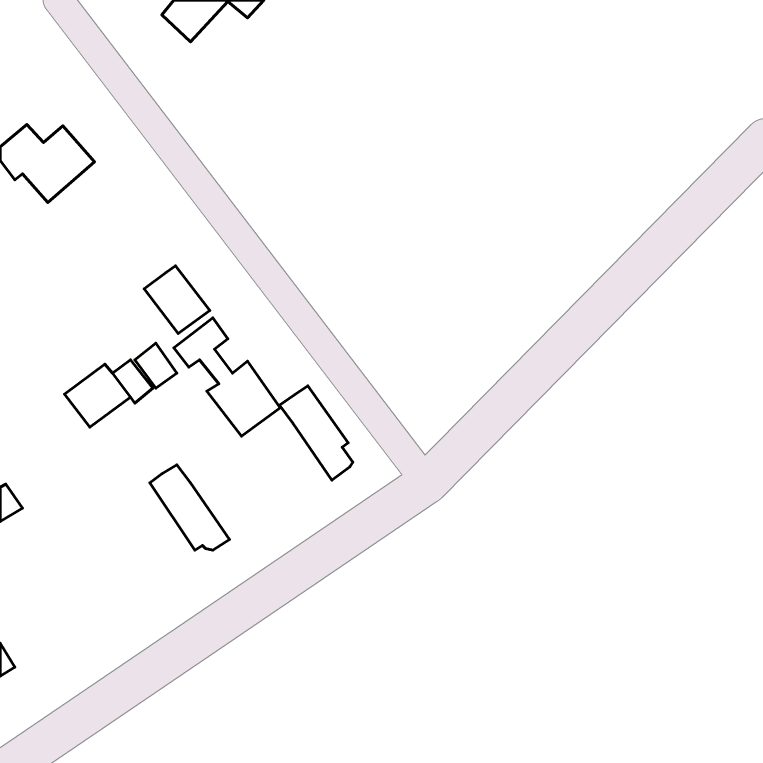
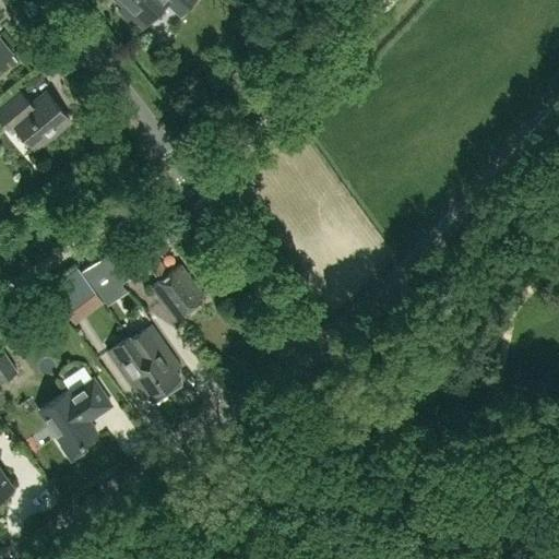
building: [144,266,210,333] -> none
building: [279,386,353,480] -> [131,326,185,395]
building: none -> [40,380,112,459]

